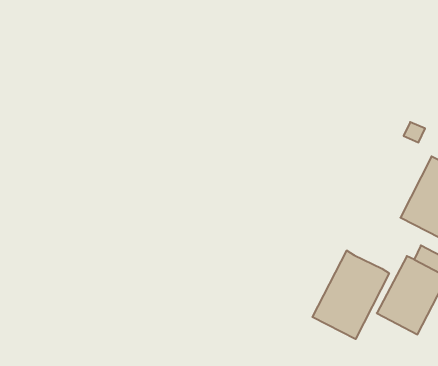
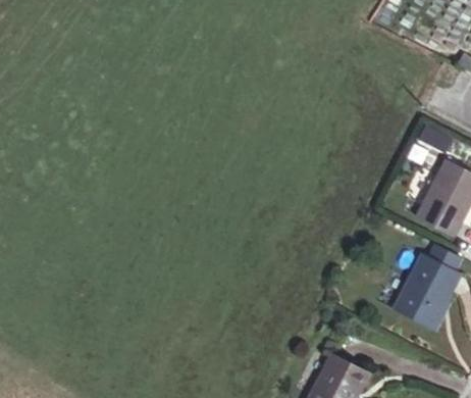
building: [312,250,389,339] -> none

